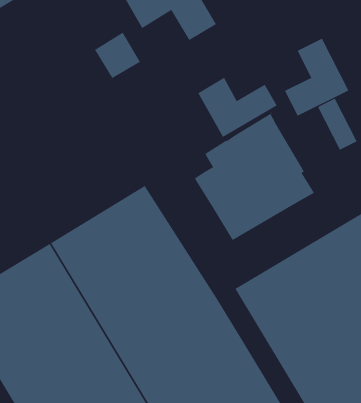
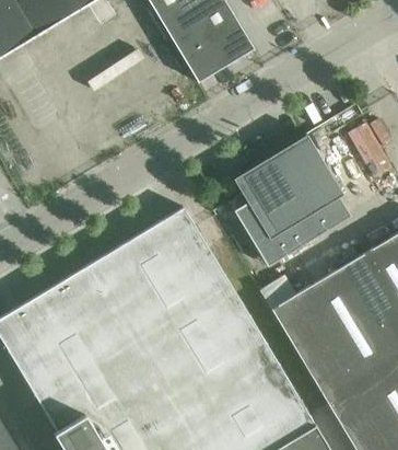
building: [94,32,141,79] -> [179,36,225,82]
building: [284,38,349,116] -> none
building: [198,77,277,138] -> none

